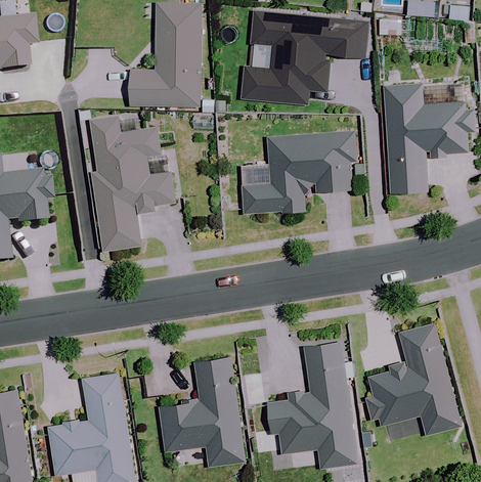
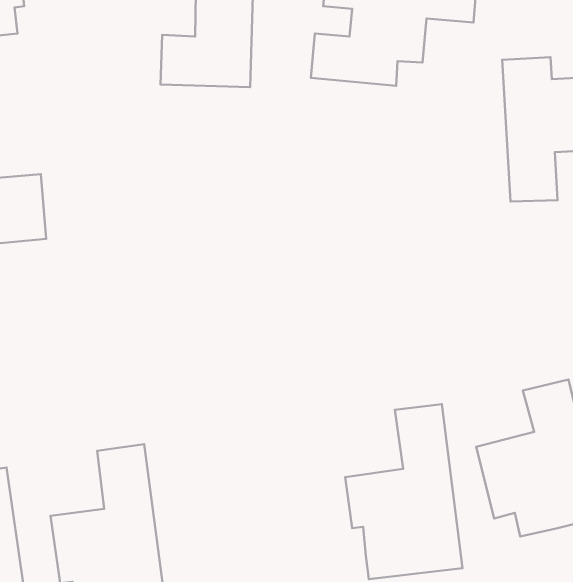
building: [89,117,175,250] -> none
building: [245,132,353,213] -> none
building: [162,356,244,469] -> none

